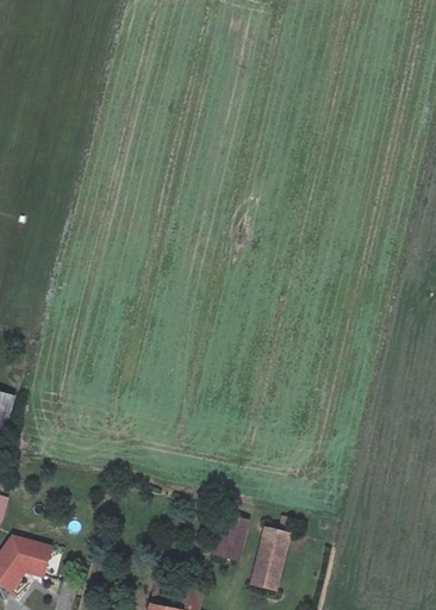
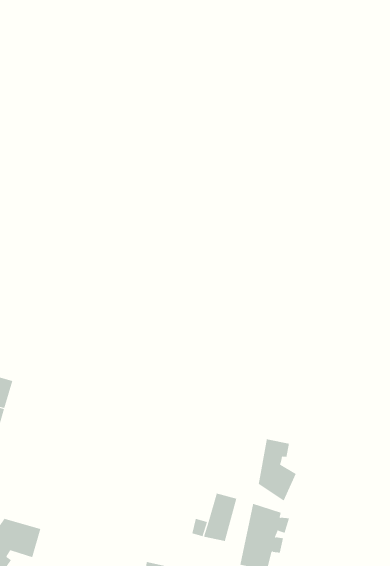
building: none -> [258,438,297,502]

